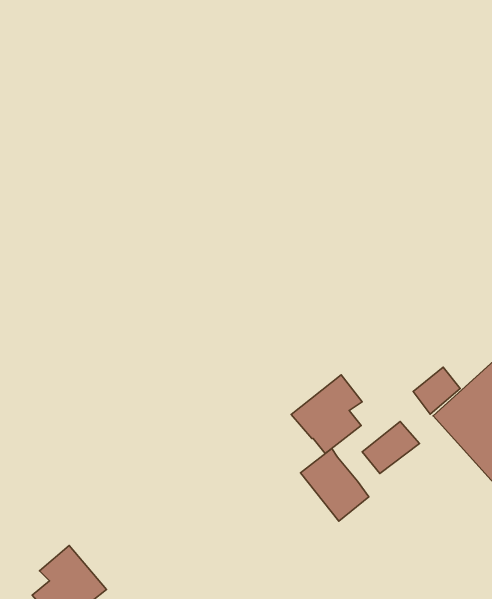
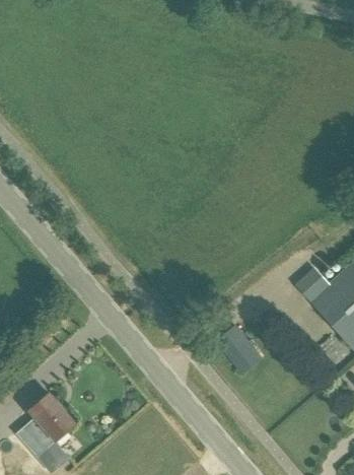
building: [291,375,362,454] -> none
building: [362,422,420,474] -> none

